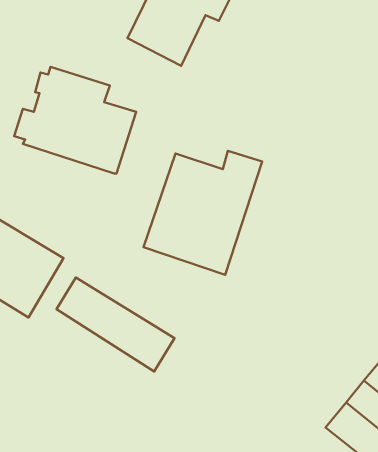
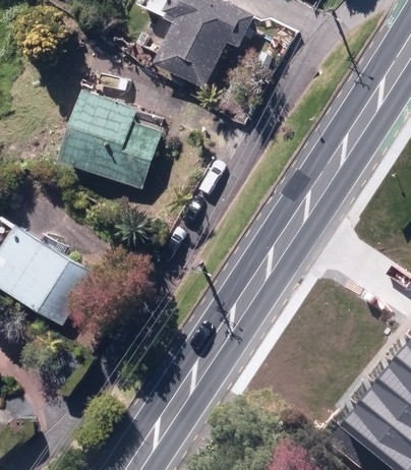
building: [144,151,262,275] -> none
building: [56,278,174,371] -> none

